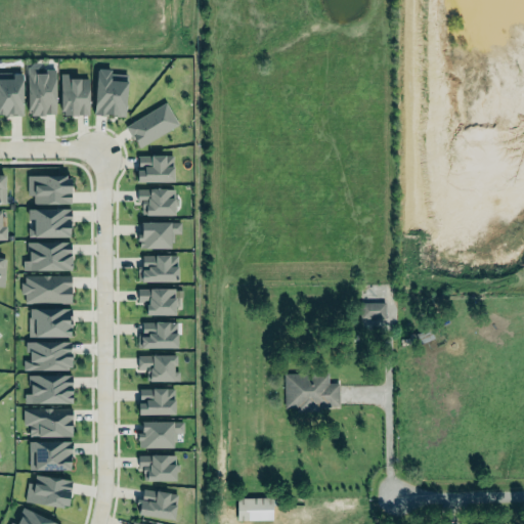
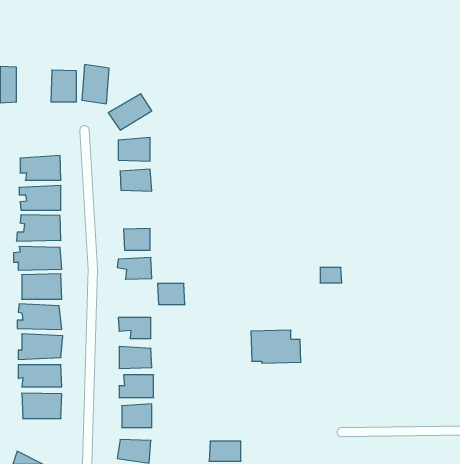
building: [29,68,56,115] -> none
building: [140,223,177,248] -> none
building: [141,323,172,347] -> [158,284,185,305]
building: [26,477,76,506] -> none

